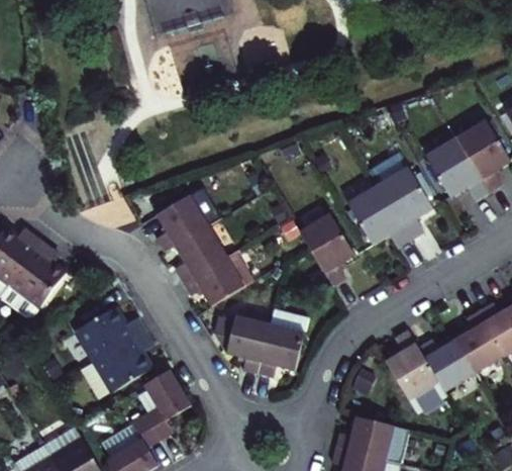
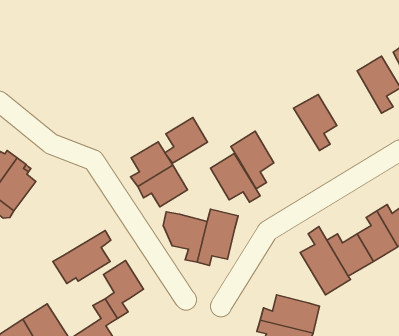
building: [426,136,487,196] -> none
building: [348,183,410,244] -> [210,153,260,202]
building: [158,194,210,251] -> [165,118,207,163]
building: [75,312,144,366] -> none

